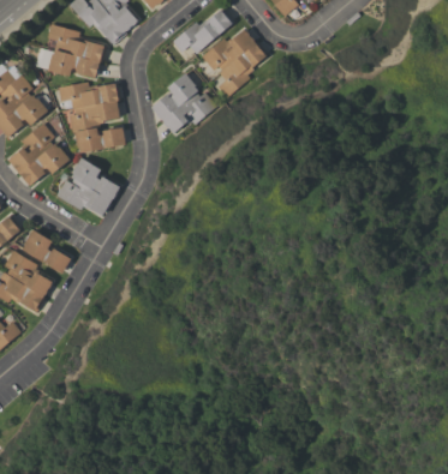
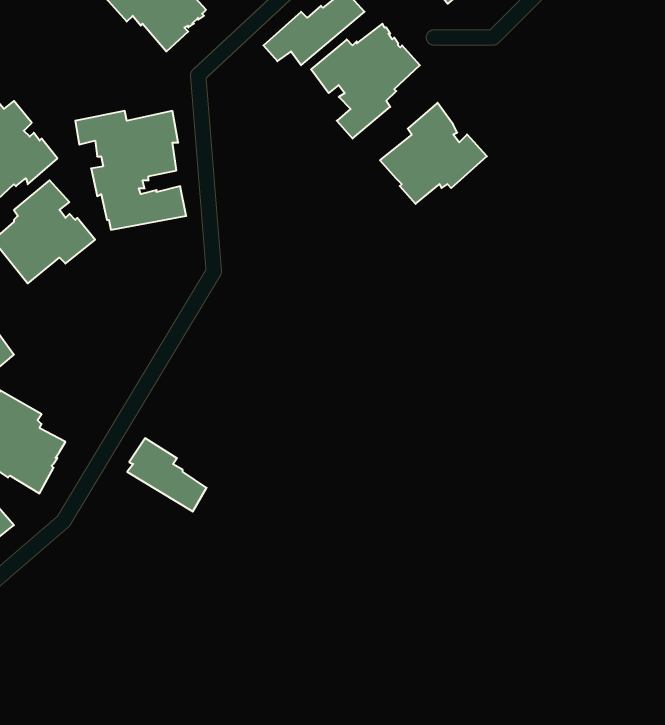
building: [34,23,106,77] -> none
building: [150,72,215,133] -> [380,103,487,204]
building: [55,157,119,215] -> none
building: [22,228,70,272] -> [127,438,207,512]

